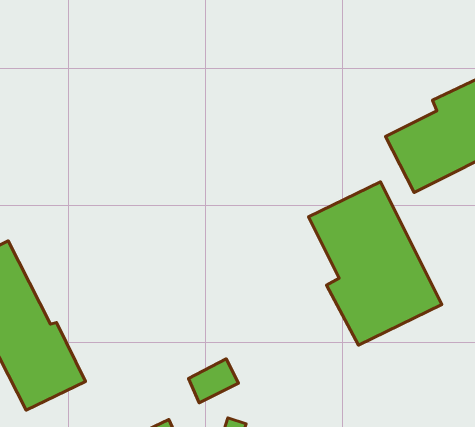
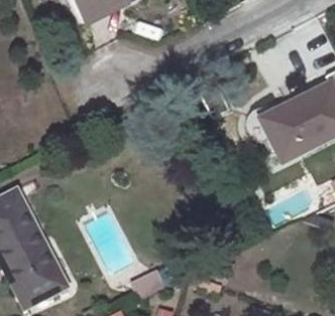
building: [309,182,442,345] -> none

